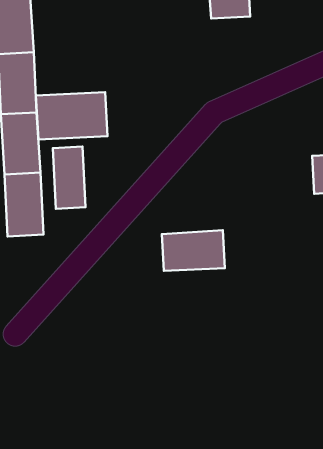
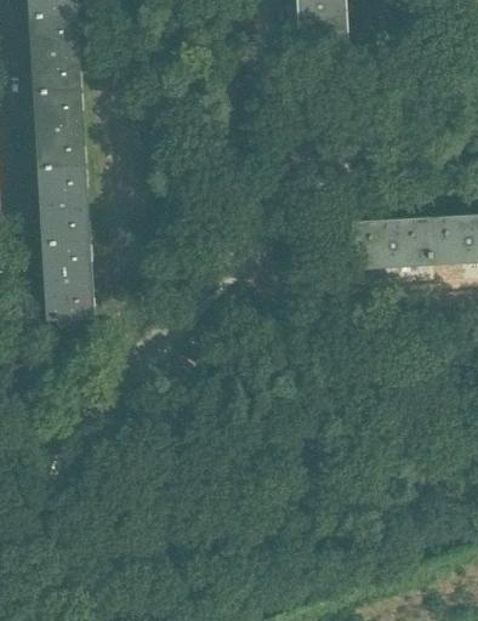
building: [36,92,108,140] -> none
building: [53,146,85,209] -> none
building: [162,230,225,271] -> [351,217,429,268]

